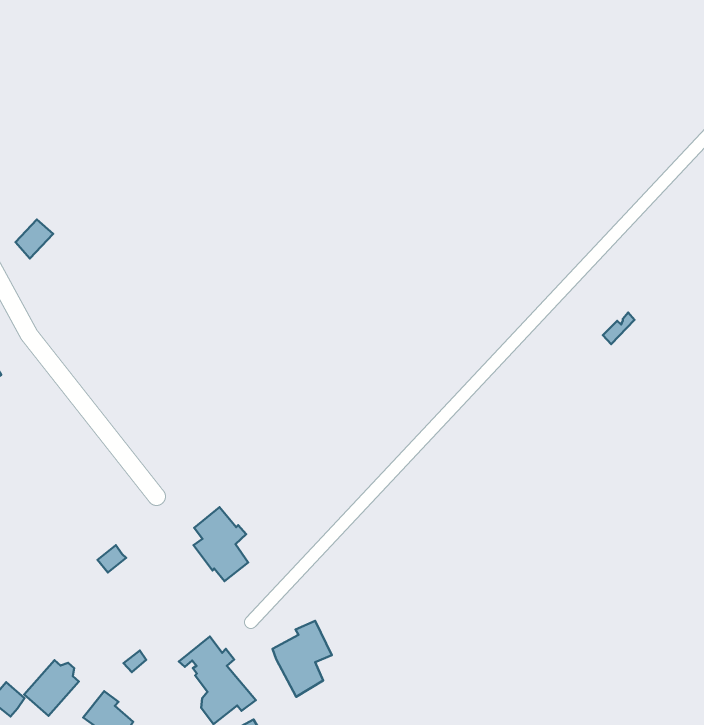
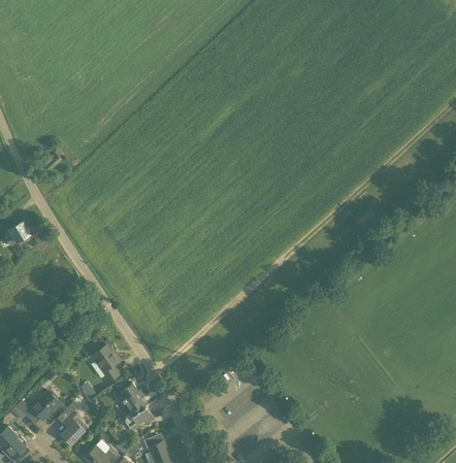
building: [193,507,248,581] -> [91,344,120,385]
building: [272,621,332,697] -> none

